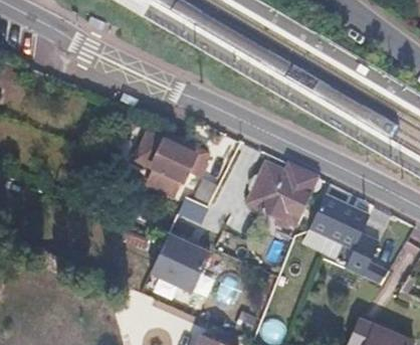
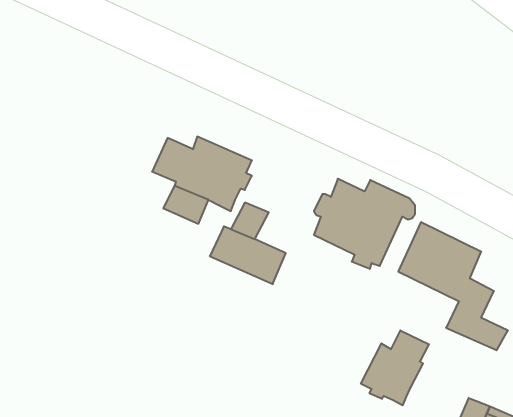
building: [150,234,209,292] -> none
building: none -> [361,330,429,405]

